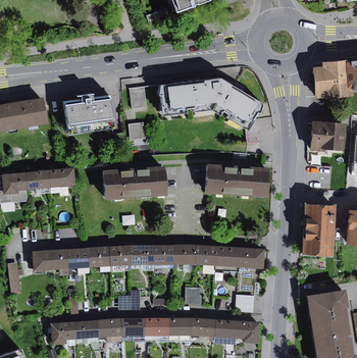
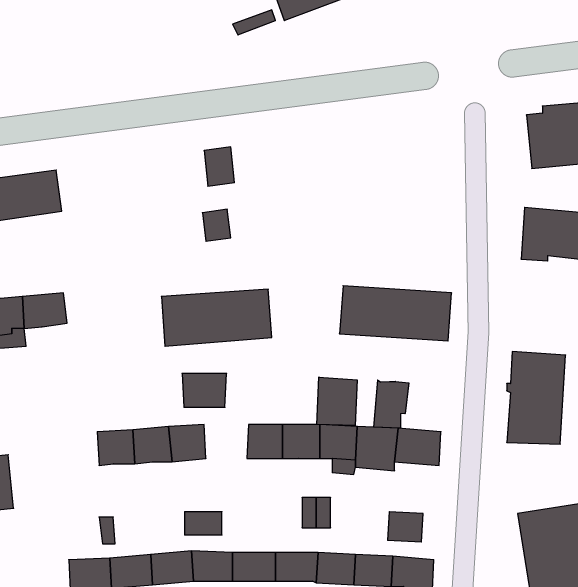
building: [160,79,263,130] -> none
building: [64,94,114,135] -> none
building: [48,167,75,187] -> none
building: none -> [317,377,357,425]
building: none -> [374,380,409,428]
building: [129,245,154,264] -> [182,373,227,407]
building: [32,249,68,271] -> none

